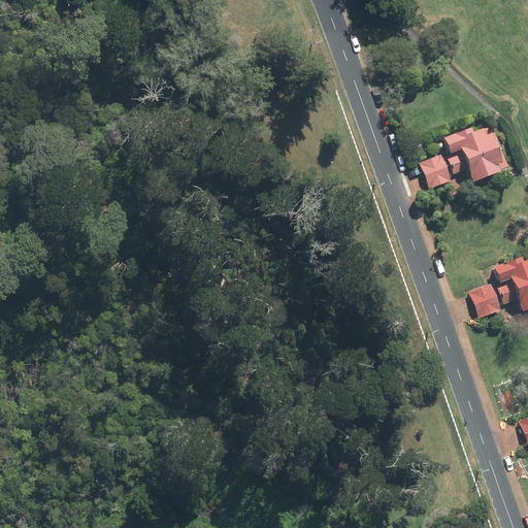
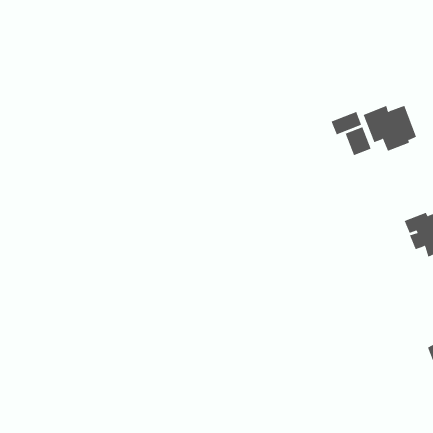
building: none -> [331,111,362,135]
building: [470,282,502,316] -> none

